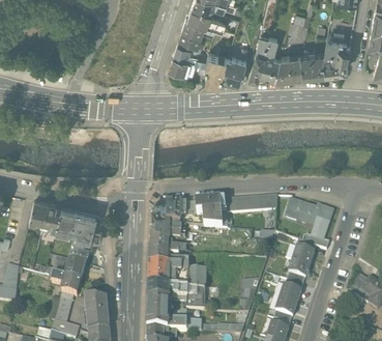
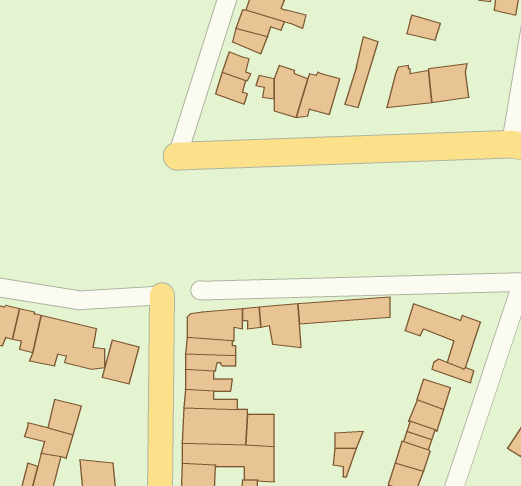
building: [323,31,350,70] -> none
building: [257,35,280,78] -> none
building: [69,234,92,261] -> [102,340,139,384]

